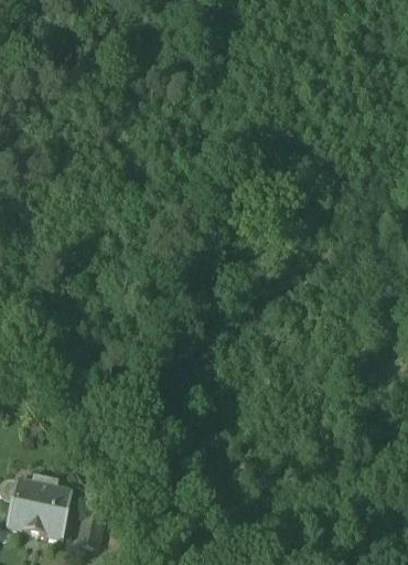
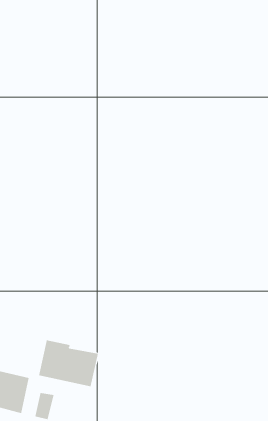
building: none -> [39,340,99,387]

